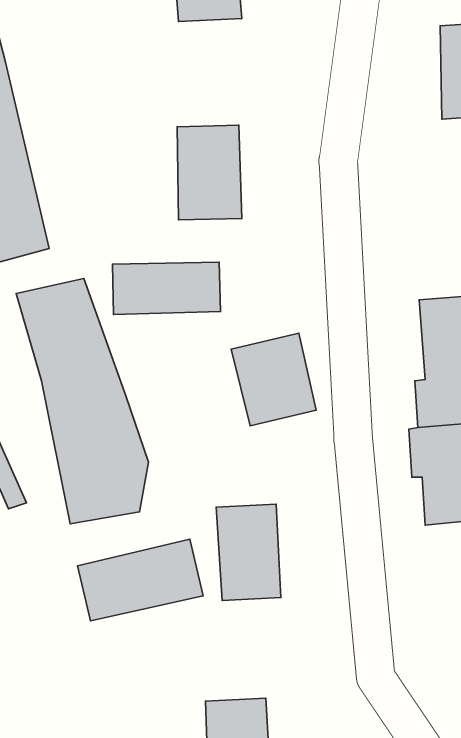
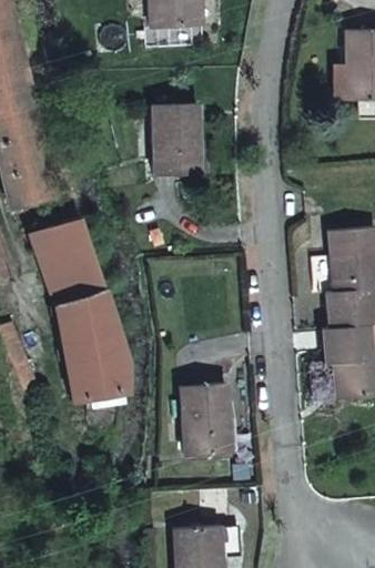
building: [112,262,220,315] -> none
building: [231,333,316,426] -> none
building: [78,539,203,621] -> none

